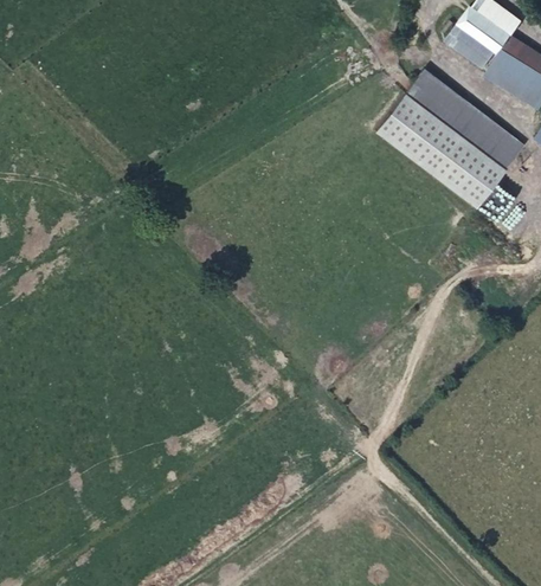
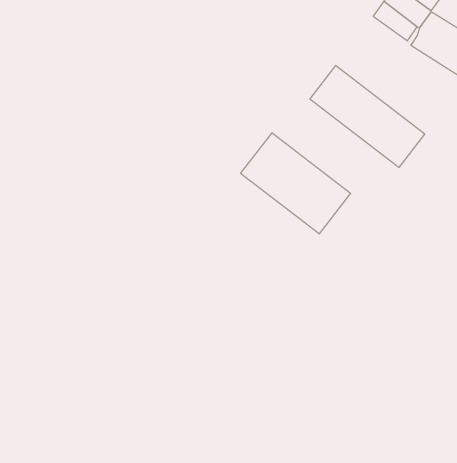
building: [406,71,523,170] -> none
building: none -> [241,133,350,234]

